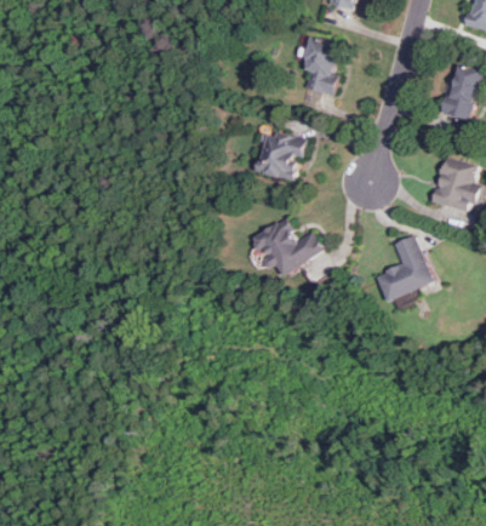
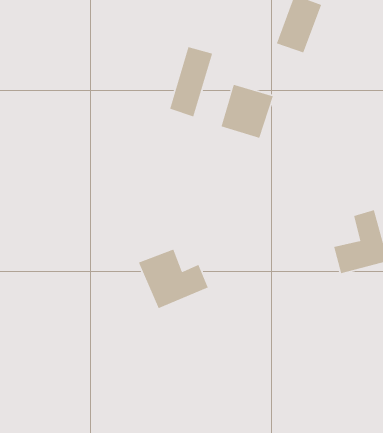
building: none -> [169,46,213,118]
building: [252,218,322,278] -> [138,248,209,309]

